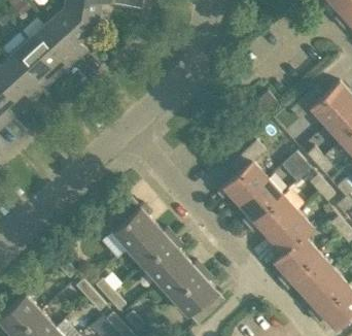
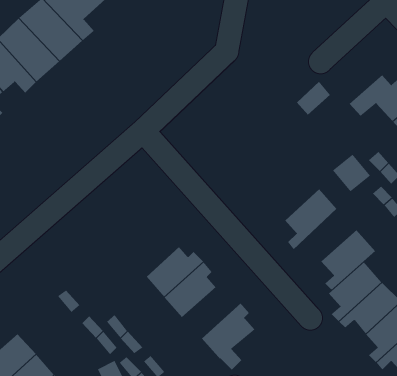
building: [216,140,267,203] -> none
building: [246,194,296,236] -> none
building: [104,203,154,248] -> none
building: [156,257,204,298] -> none

